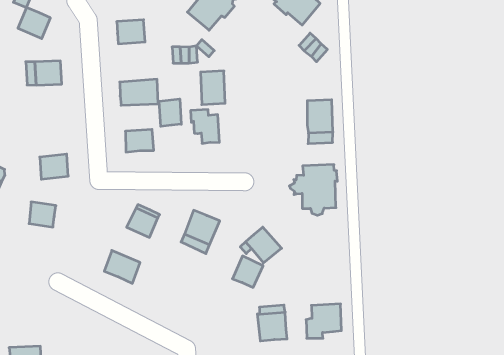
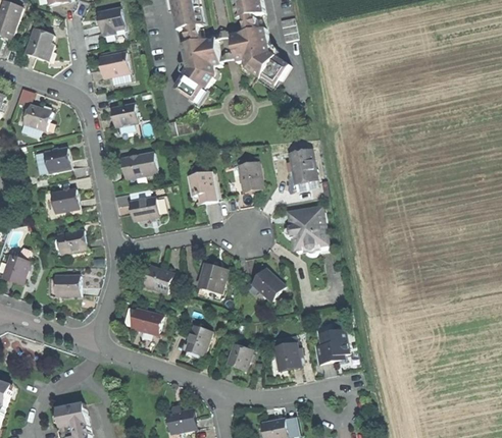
building: [201,71,225,105] -> [237,159,262,191]
building: [159,99,181,126] -> none
building: none -> [50,188,79,212]
building: [232,256,263,287] -> [227,343,252,370]
building: none -> [186,325,211,353]

